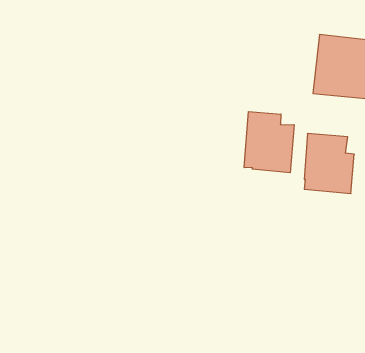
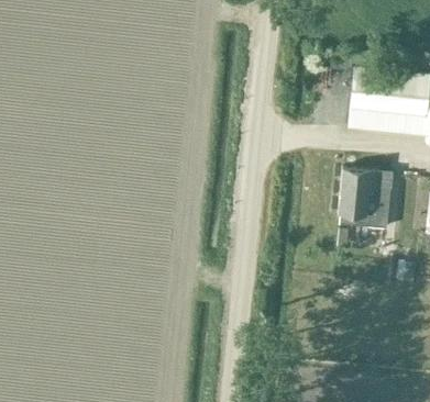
building: [244,112,294,173] -> none

